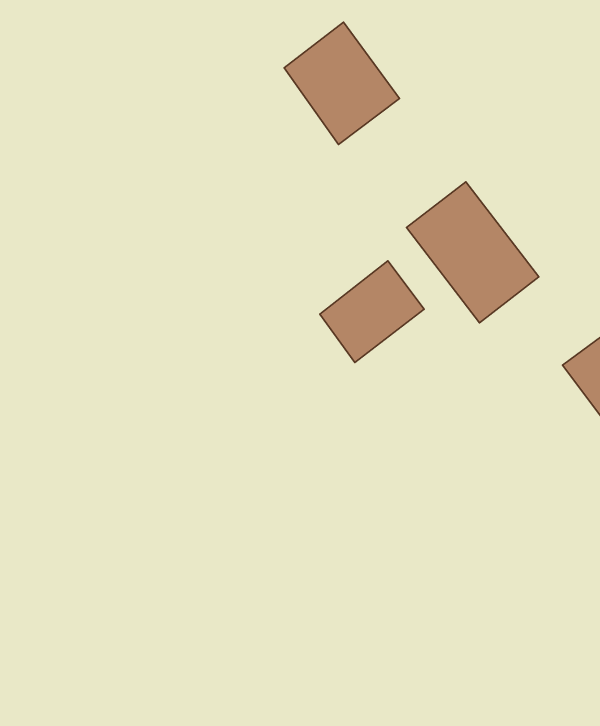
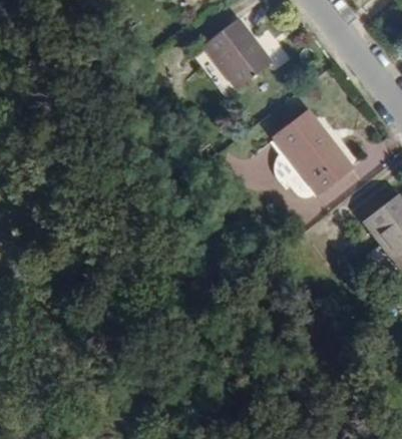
building: [320,261,424,362] -> none

